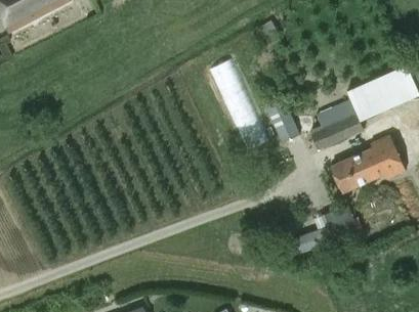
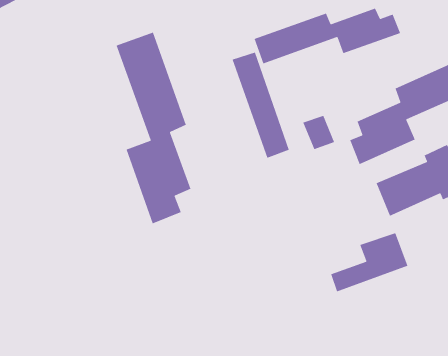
building: none -> [253,8,401,64]
building: none -> [115,32,191,224]

